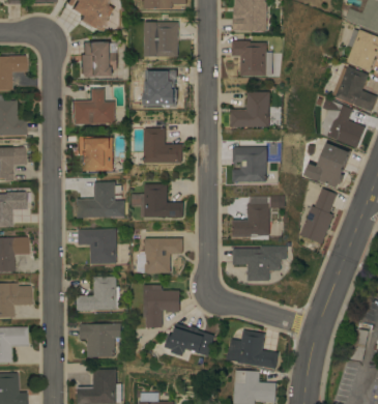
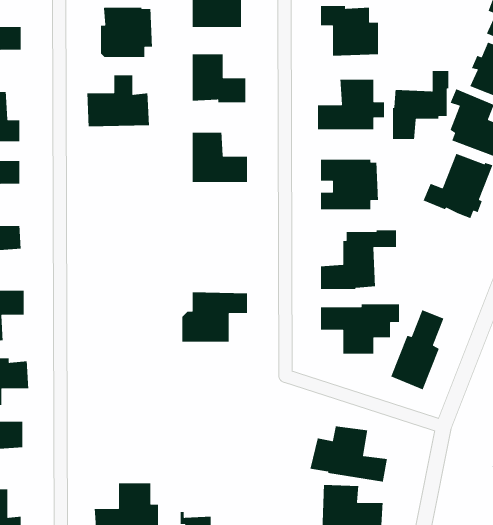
building: none -> [392,70,449,140]
building: [78,136,113,171] -> none
building: [77,181,127,218] -> none
building: [144,183,183,218] -> none
building: [299,187,337,243] -> [390,309,444,391]
building: [78,228,116,264] -> none
building: [77,276,119,310] -> none
building: [142,284,179,326] -> none
building: [79,322,120,356] -> none
building: [164,322,213,355] -> none

